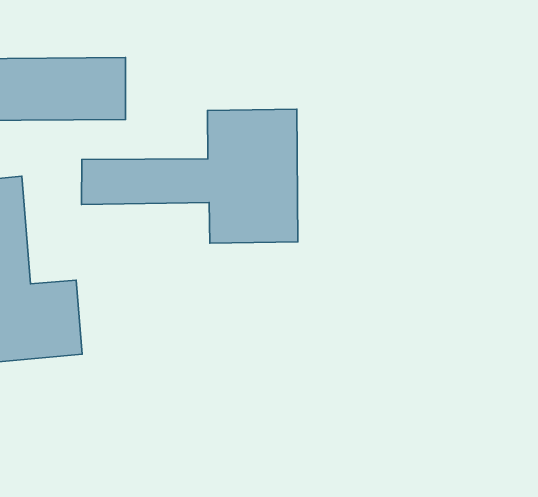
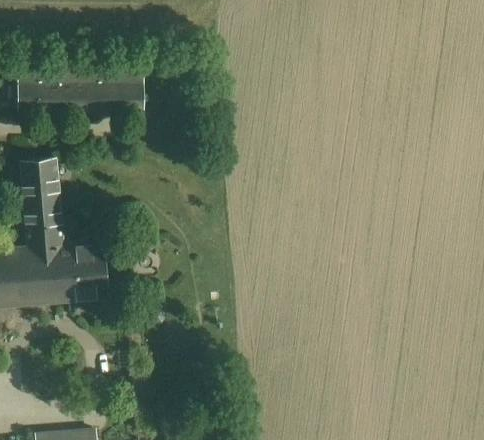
building: [82,109,298,243] -> none

